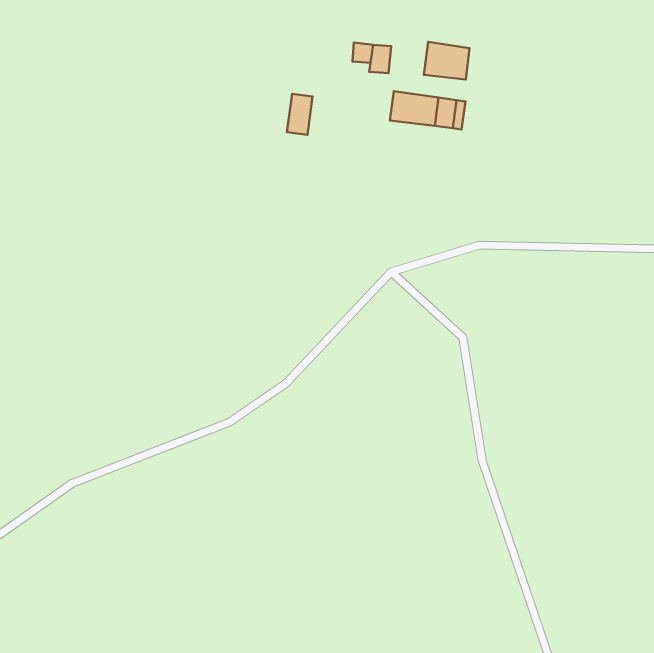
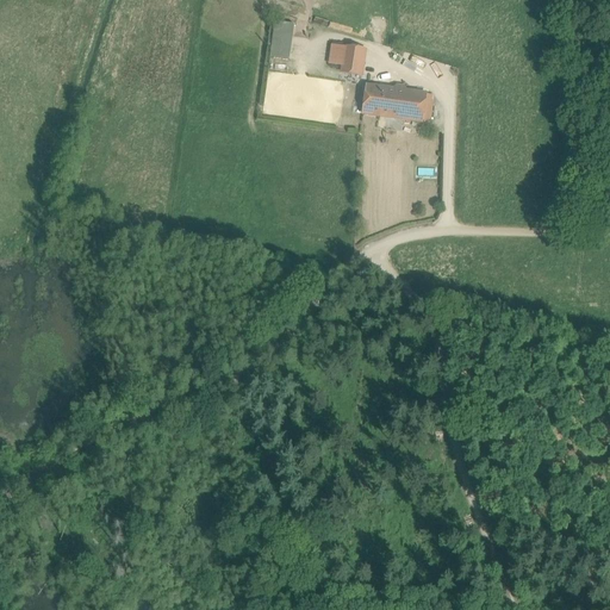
building: [424,42,470,80] -> none
building: [287,94,313,135] -> [269,20,293,58]

